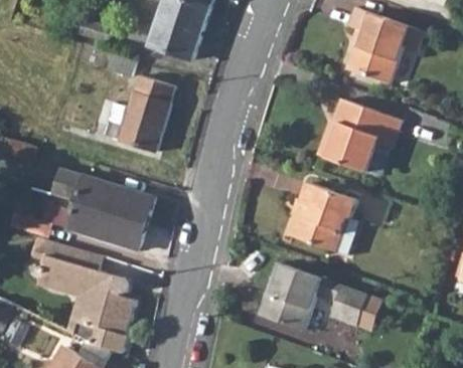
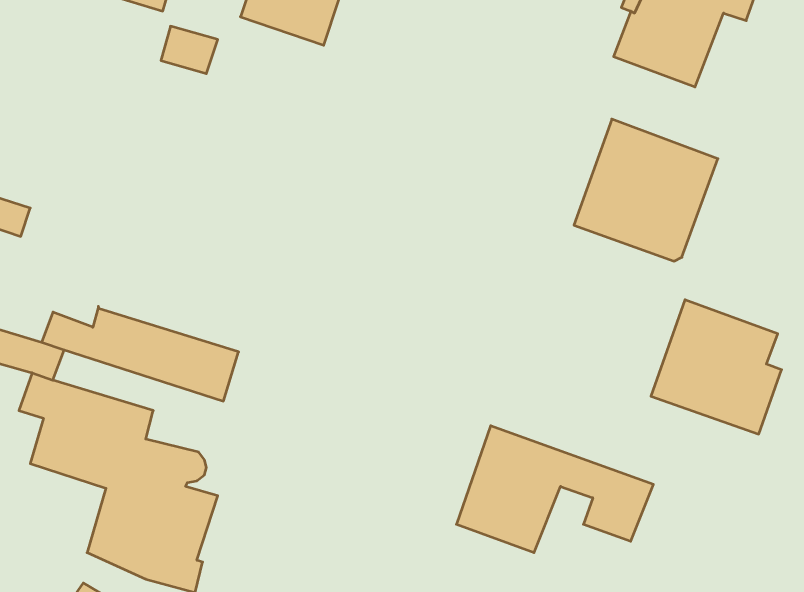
building: [108,75,171,150] -> none
building: [52,168,154,224] -> none
building: [288,183,357,254] -> [651,300,782,434]

